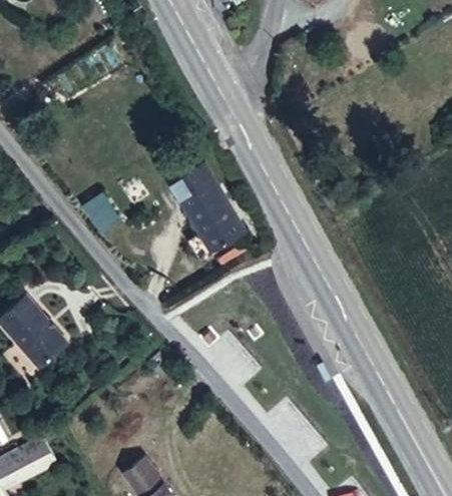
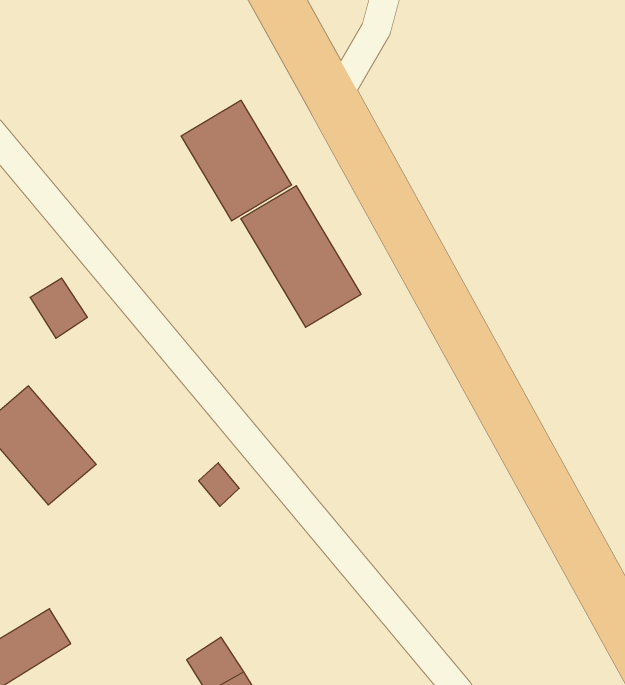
building: none -> [181,100,292,221]
building: [80,191,118,231] -> [30,278,87,338]

